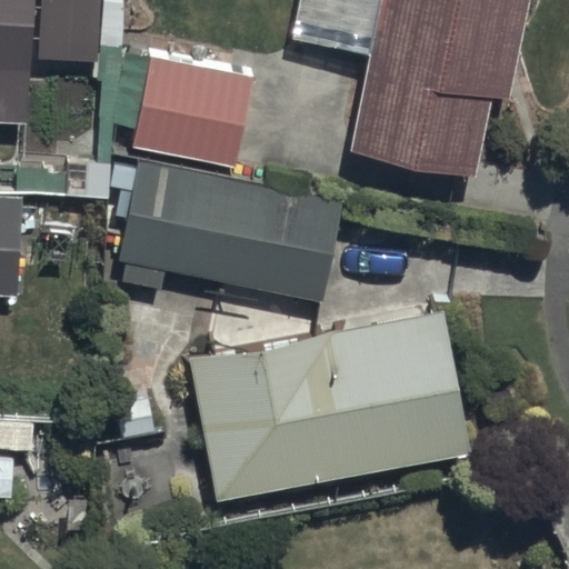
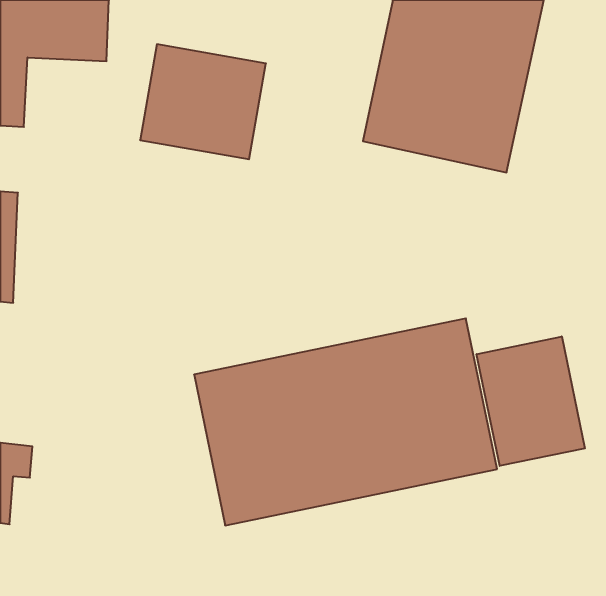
building: [112,160,346,302] -> none
building: none -> [477,336,585,466]

